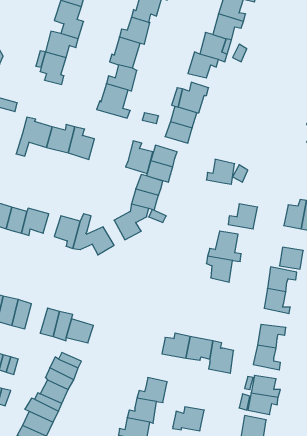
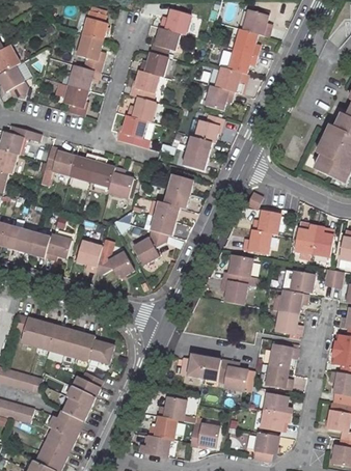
building: [126,141,153,173] -> [107,167,133,198]
building: [206,159,235,184] -> [252,210,279,233]
building: none -> [48,325,70,353]

